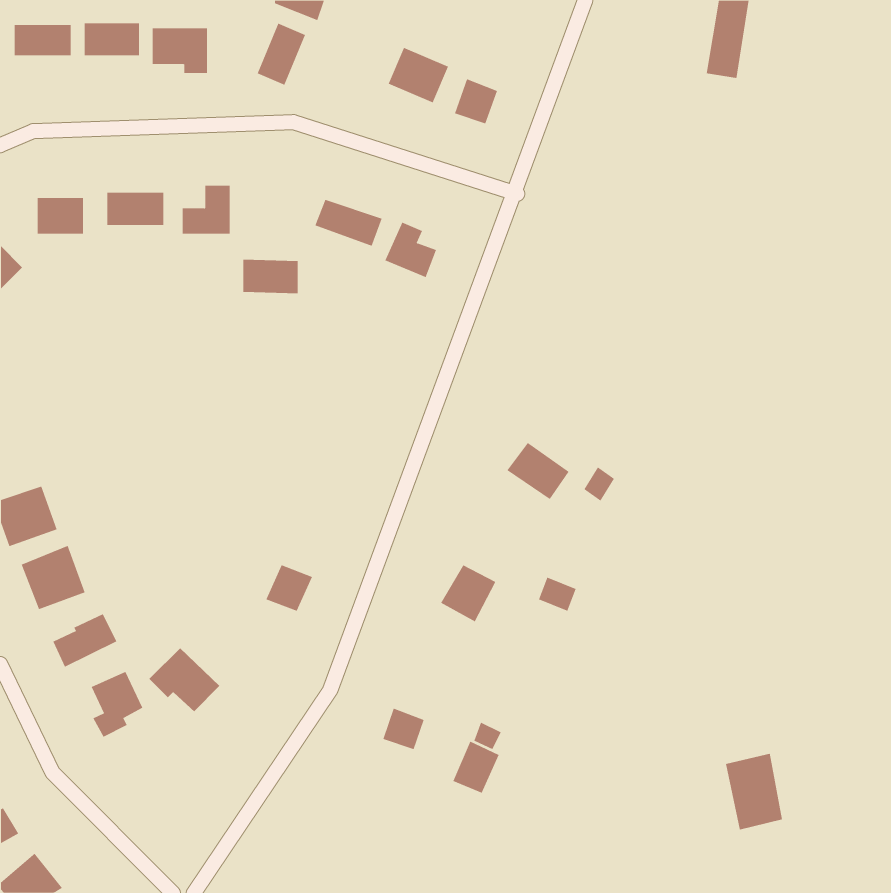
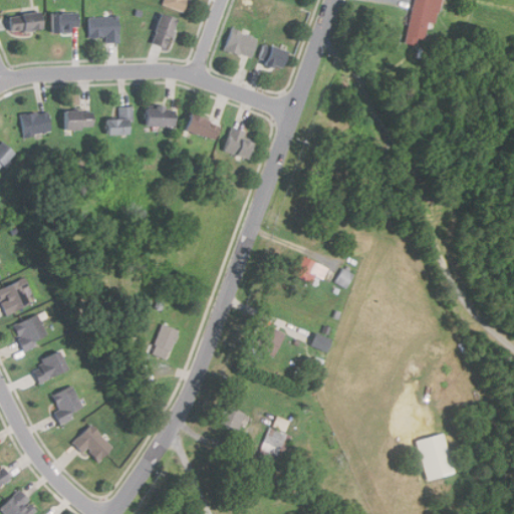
building: [243,259,298,294] -> [144,106,176,126]
building: [149,647,220,712] -> [72,425,113,462]

